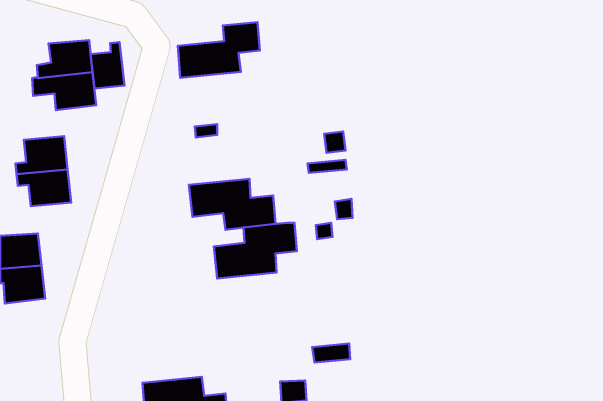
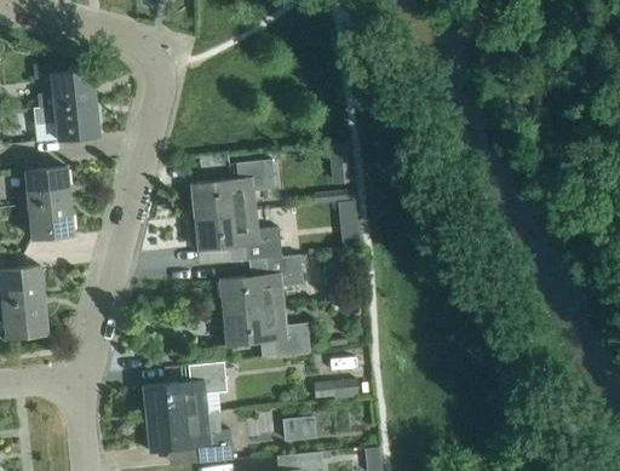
building: [178,22,260,78] -> [191,160,275,217]
building: [91,42,124,88] -> none
building: none -> [223,306,311,356]
building: none -> [143,362,228,419]

